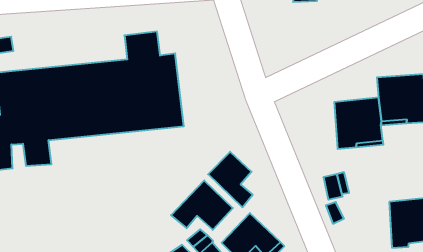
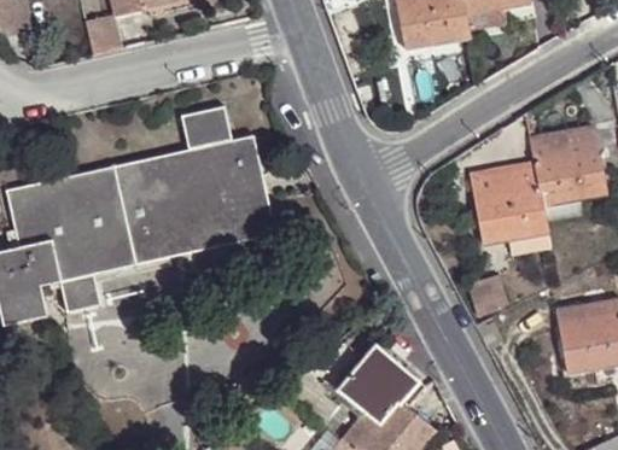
building: [208,152,253,207] -> none
building: [171,180,233,230] -> none

